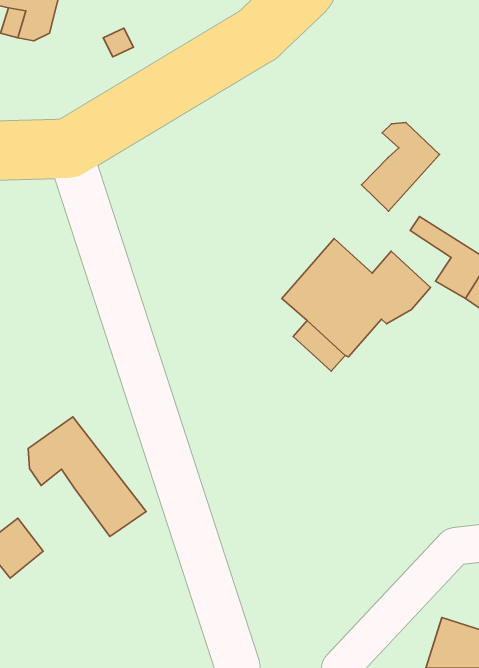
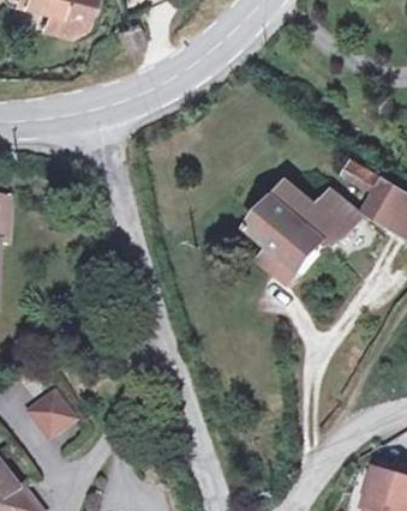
building: [362,122,439,211] -> none
building: [28,417,146,537] -> none

